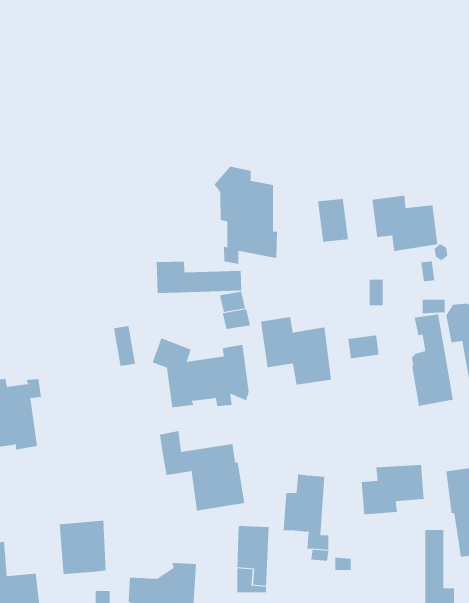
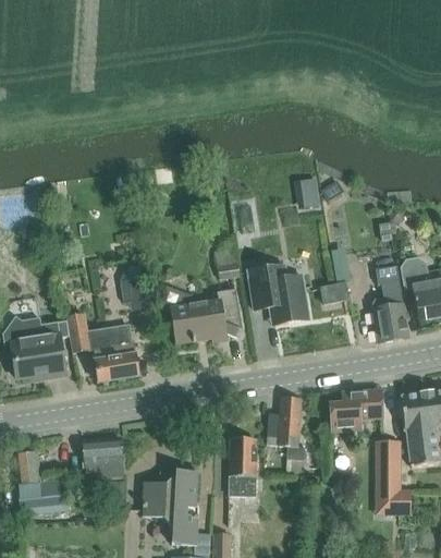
building: [214,166,278,265] -> none
building: [372,195,438,252] -> none
building: [156,261,242,294] -> none
building: [159,430,245,511] -> [66,315,137,381]

